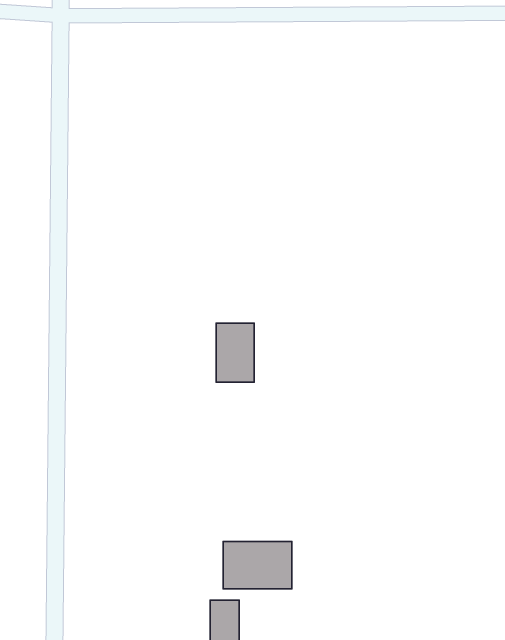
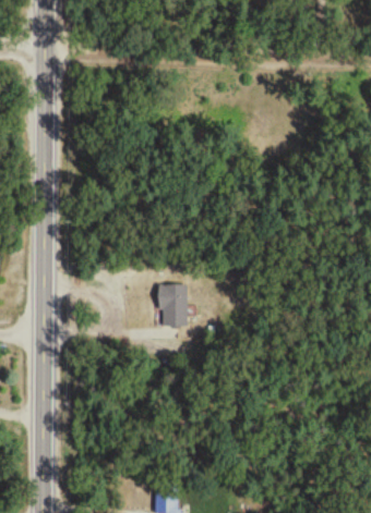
building: [223,542,292,589] -> none

